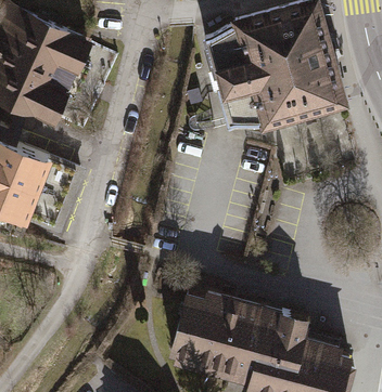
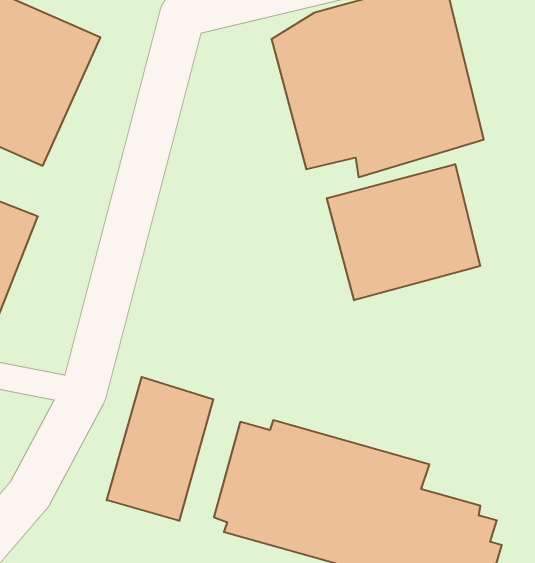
building: none -> [327,164,480,300]
building: none -> [107,377,213,521]

